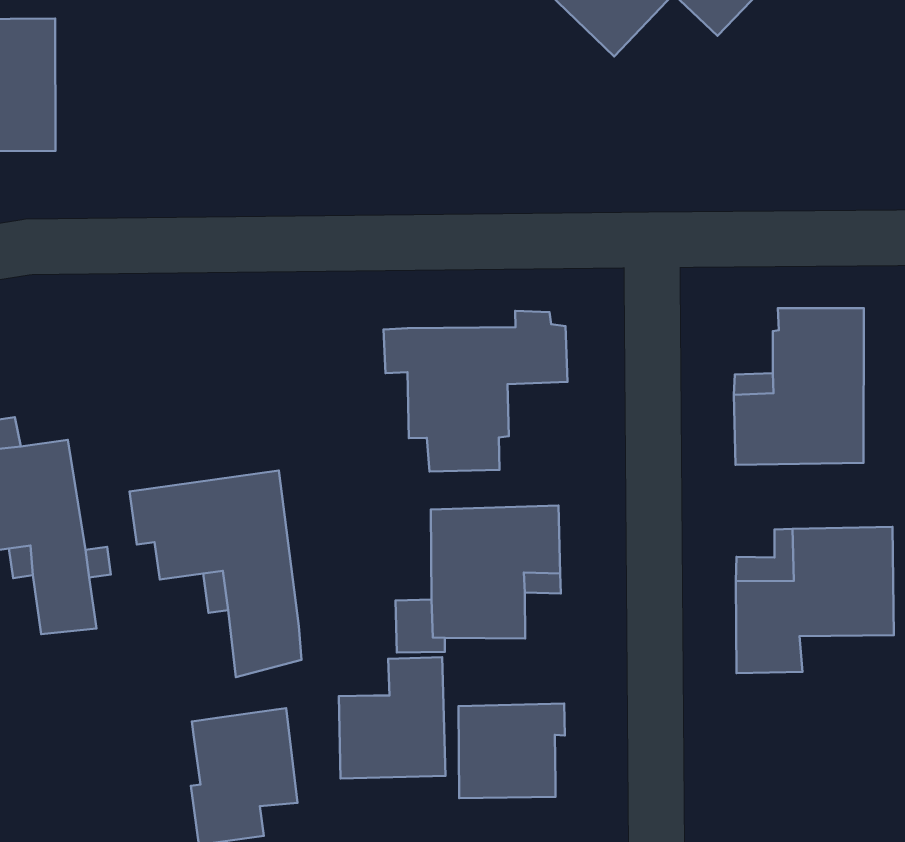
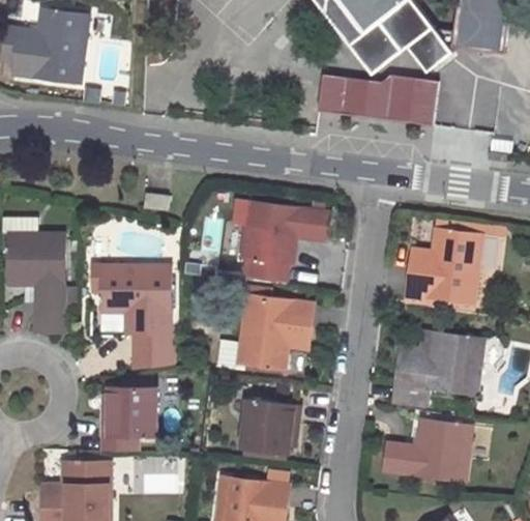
building: none -> [314,74,436,125]
building: [339,657,445,779] -> none
building: none -> [383,418,472,481]

